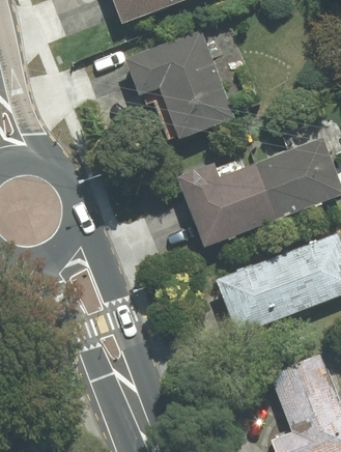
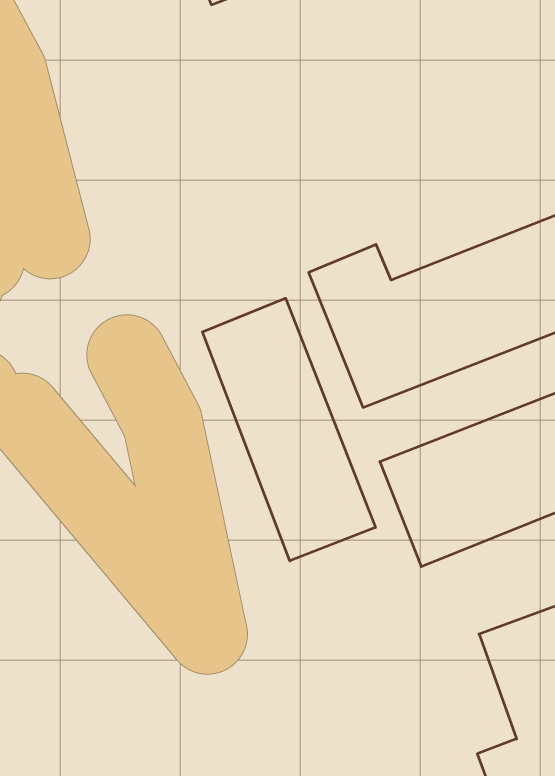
building: [123,28,234,143] -> none
building: none -> [202,298,375,561]

